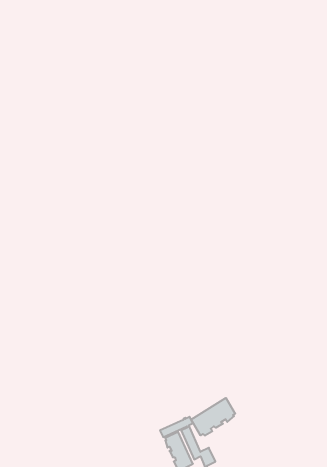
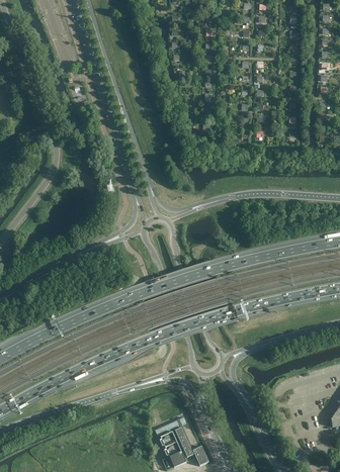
building: [191,398,235,436] -> none

